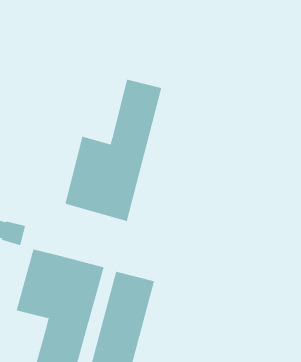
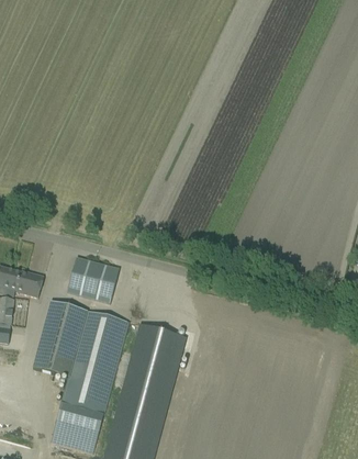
building: [65,79,162,222] -> none
building: none -> [67,258,119,302]

